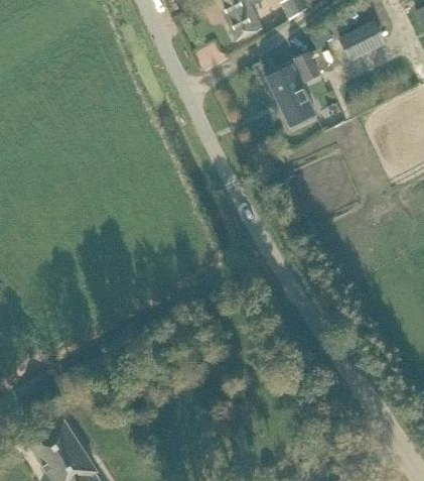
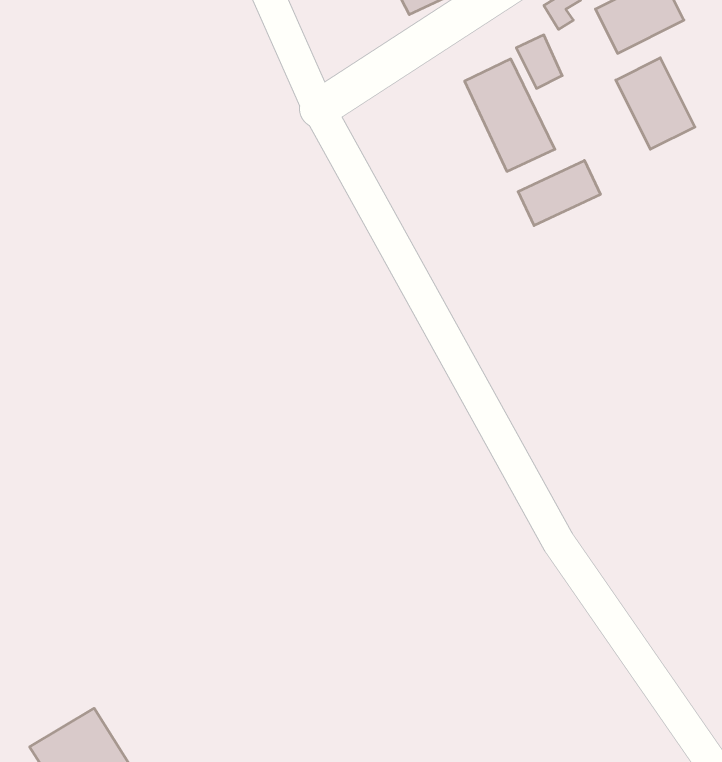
building: none -> [616,58,695,149]
building: none -> [518,160,600,226]

